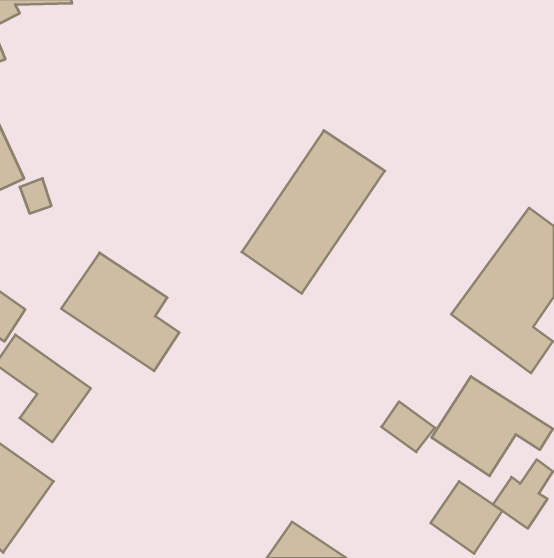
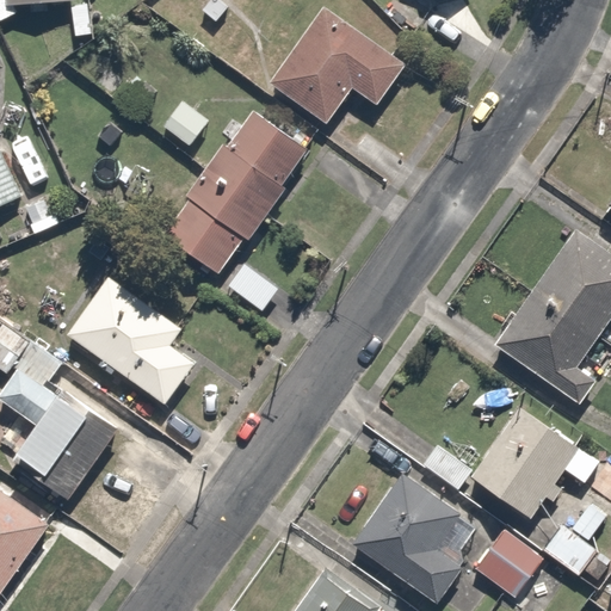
building: none -> [270,7,405,123]
building: [242,130,385,293] -> [160,104,316,282]
building: none -> [351,470,463,604]

